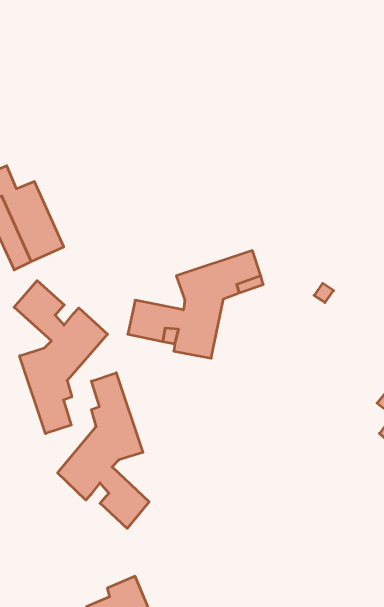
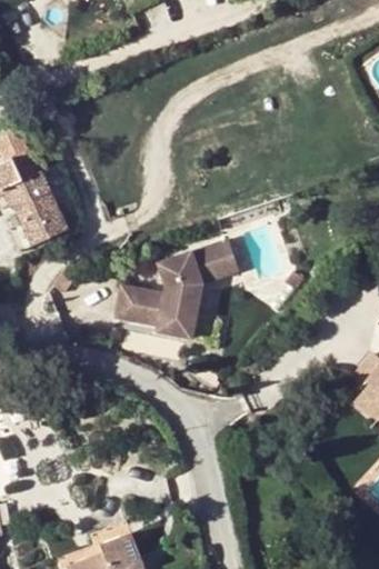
building: [14,281,108,434] -> none
building: [58,373,149,528] -> none

